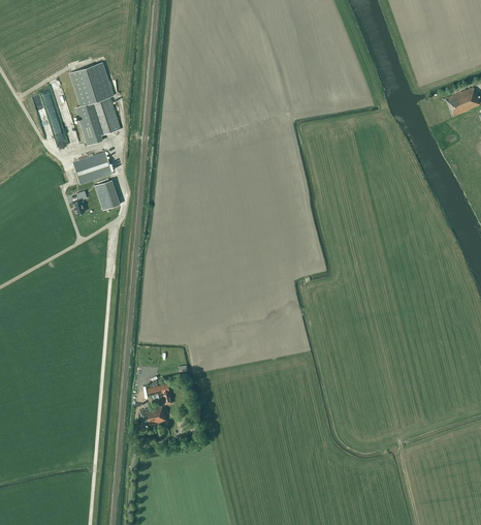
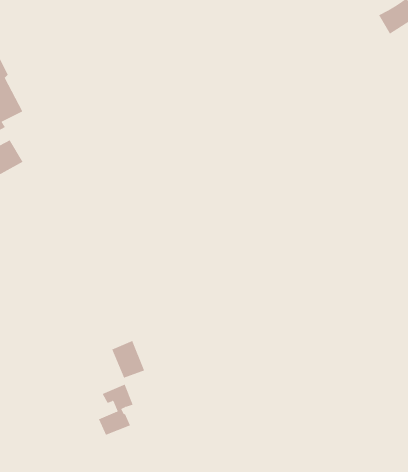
building: [95,180,120,210] -> none
building: none -> [111,340,145,379]

